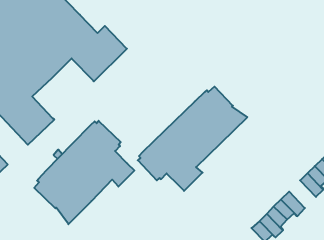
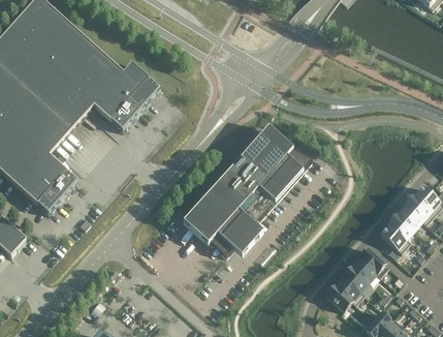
building: [34,121,134,224] -> none

